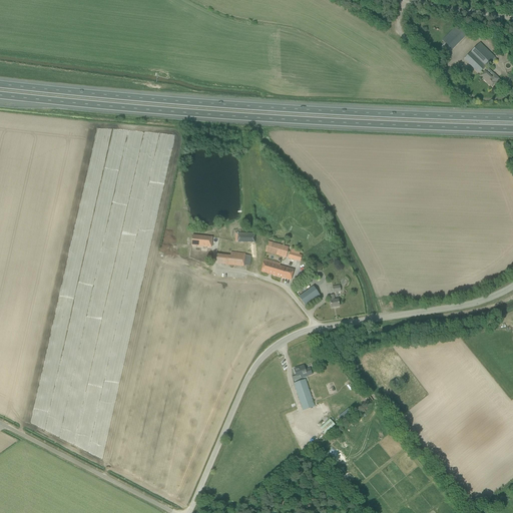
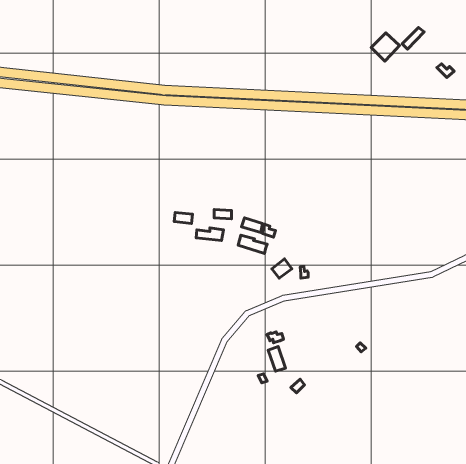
building: [464,41,495,72] -> [371,33,399,61]

